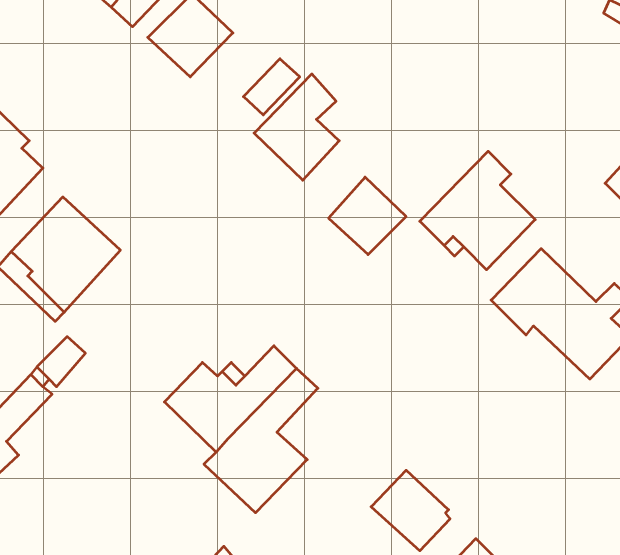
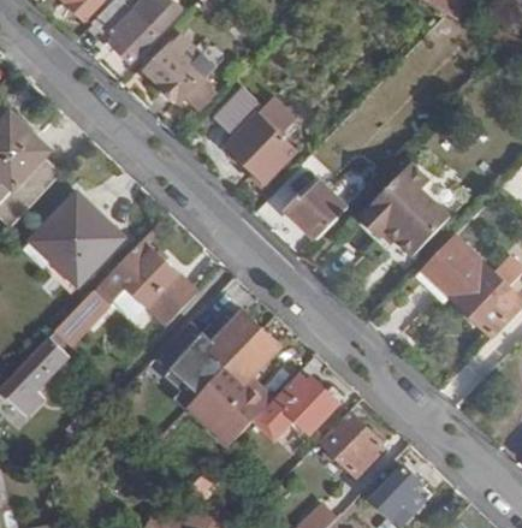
building: none -> [95,242,197,327]
building: none -> [274,373,338,431]

